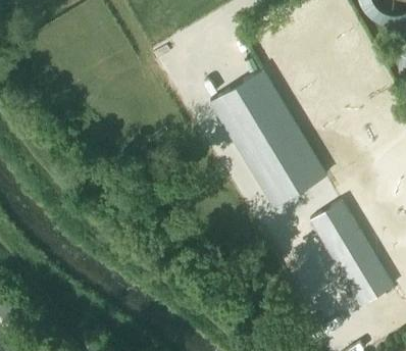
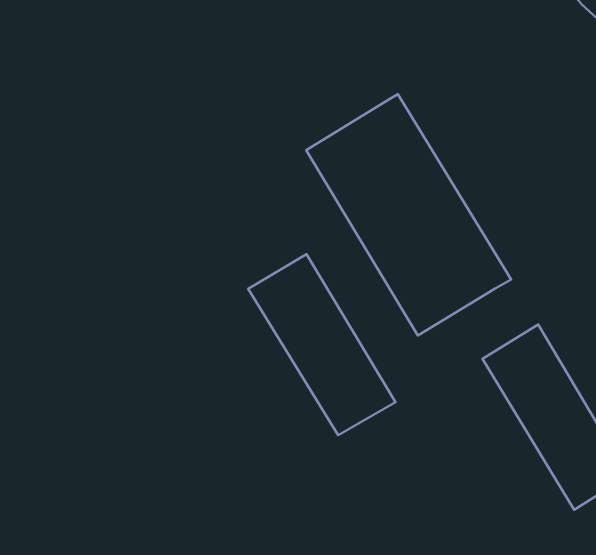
building: none -> [248,254,396,435]

